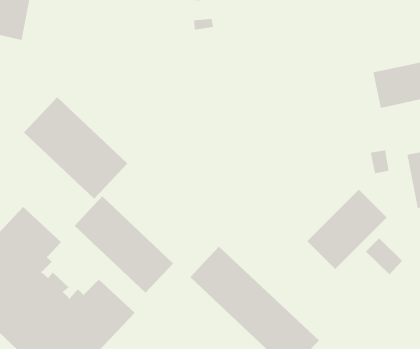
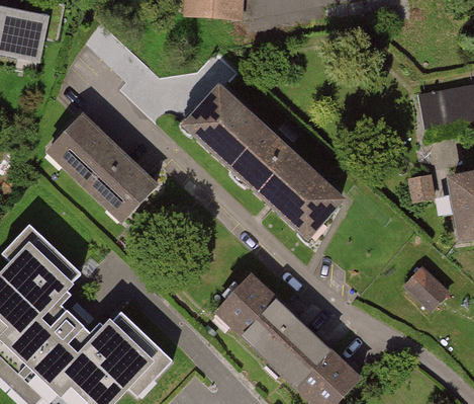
building: none -> [171,83,336,244]
building: [306,189,387,270] -> none
building: [74,196,174,294] -> none

